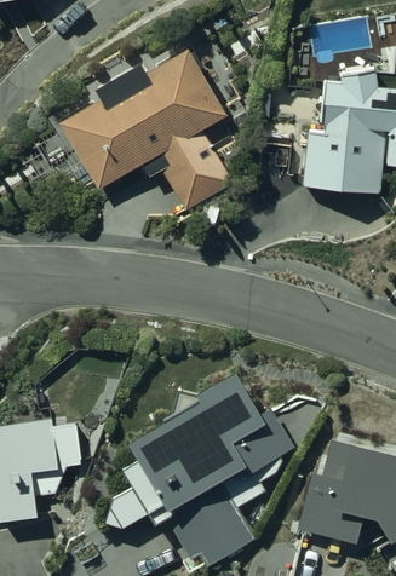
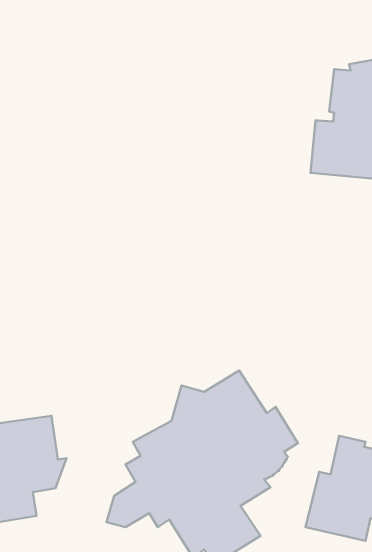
building: [62,51,231,206] -> none

